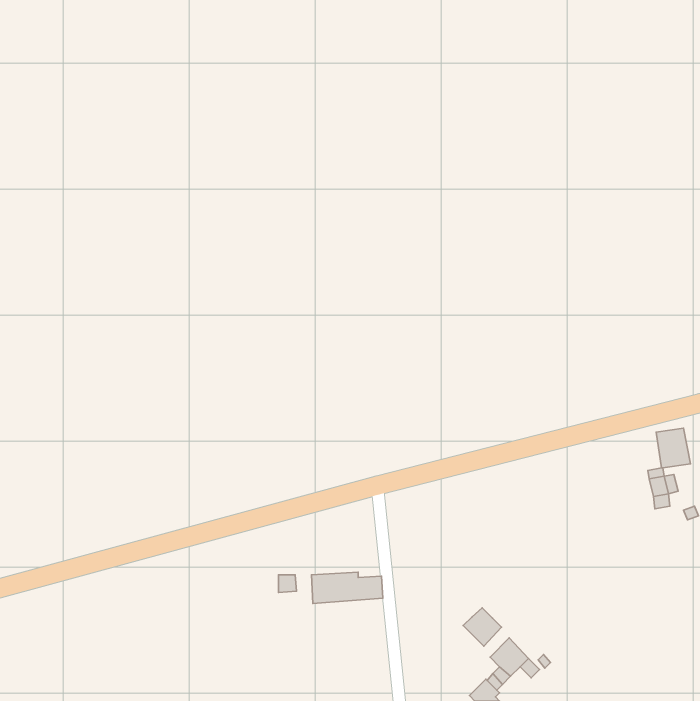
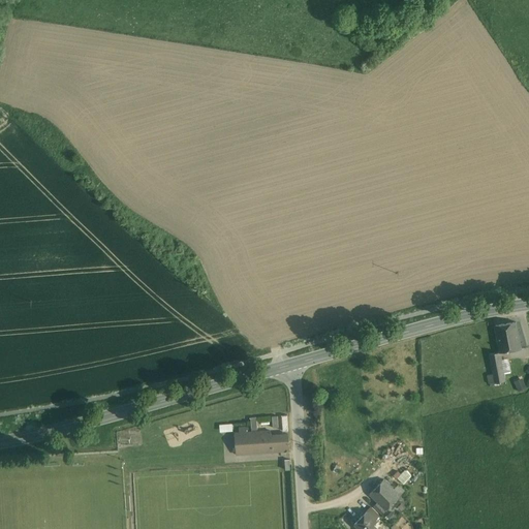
building: [463,608,501,646] -> none

